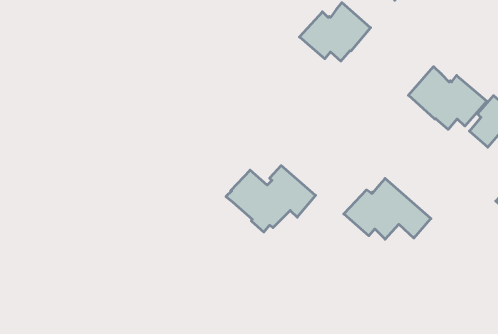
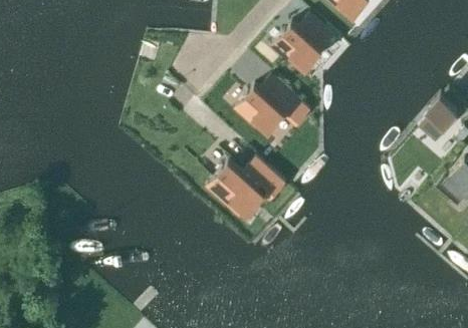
building: [408,67,487,129] -> none
building: [344,178,431,239] -> [236,76,312,129]

